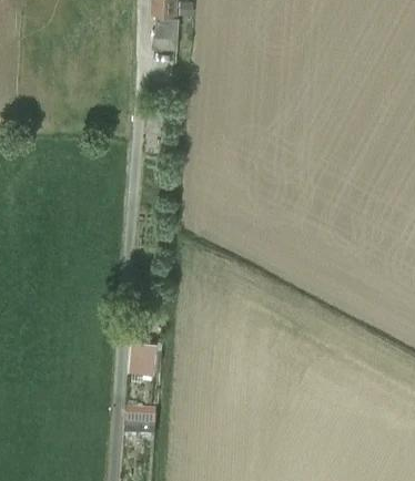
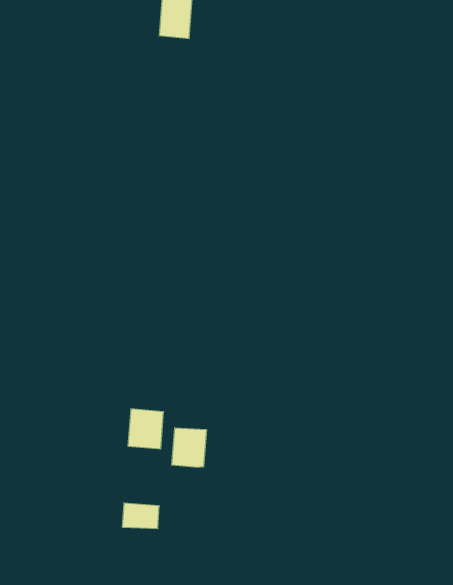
building: none -> [172,428,206,467]

